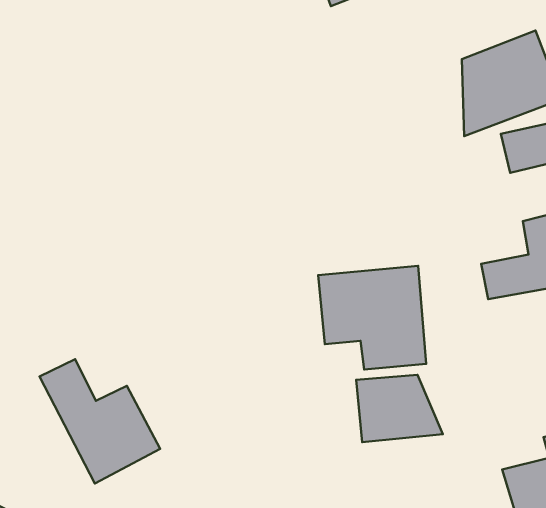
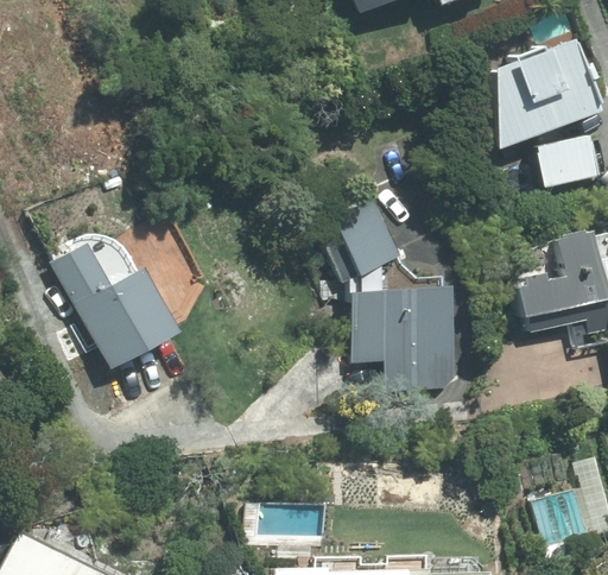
building: none -> [315,191,404,283]
building: [40,359,160,483] -> [55,241,179,369]
building: [356,375,443,442] -> none

